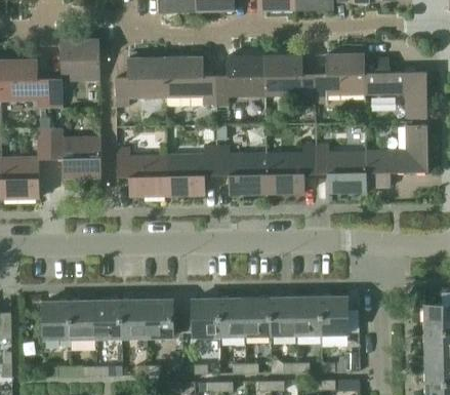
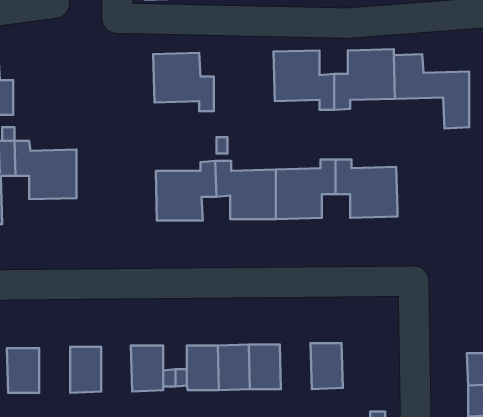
building: [49,39,99,108] -> none
building: [215,55,265,105] -> none
building: [115,57,166,107] -> none
building: [366,126,427,187] -> none
building: [117,148,168,196] -> none
building: [321,295,347,333] -> none
building: [270,297,296,334] -> none
building: [122,299,148,337] -> none
building: [71,300,96,338] -> none

